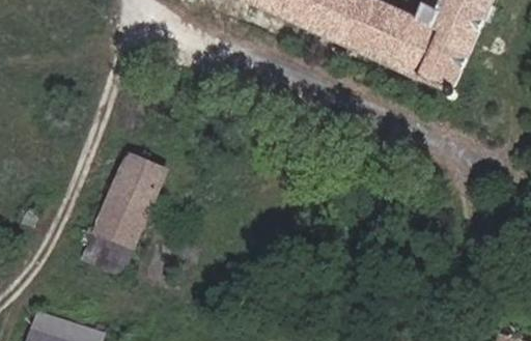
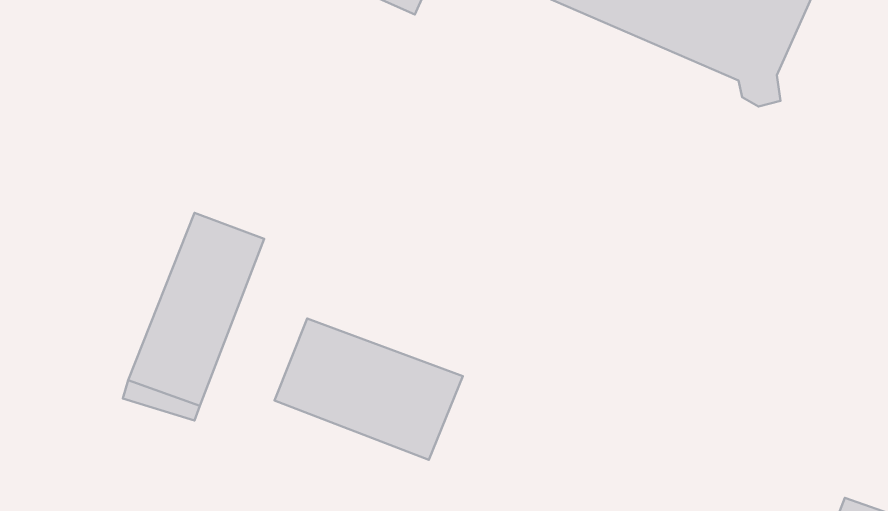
building: none -> [275,318,463,460]

